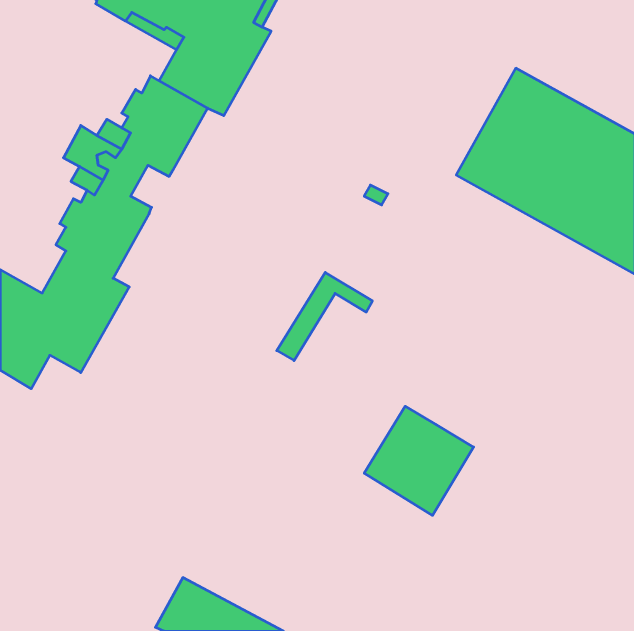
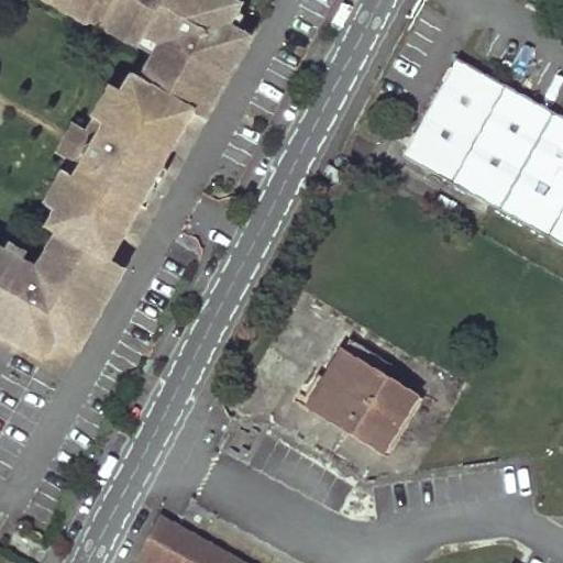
building: none -> [117,146,168,197]
building: [277,272,372,361] -> [308,341,393,419]

